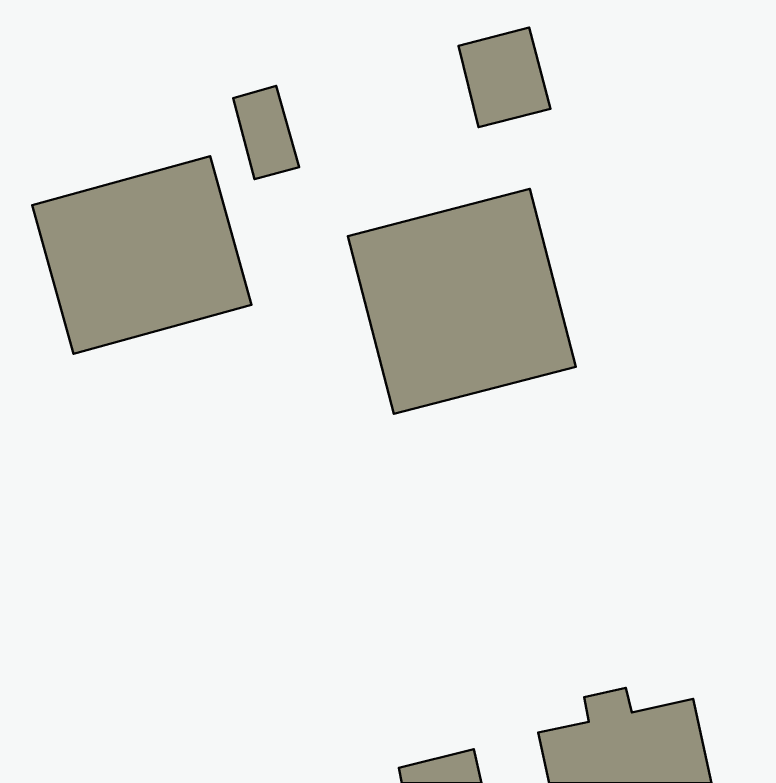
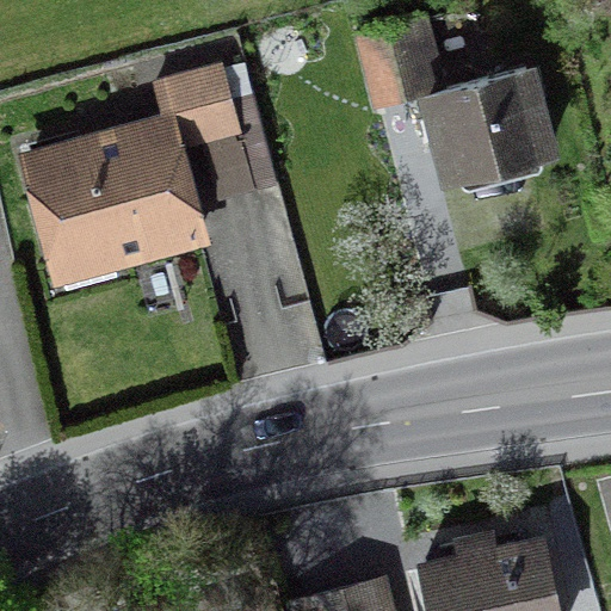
building: none -> [431,69,550,180]
building: [348,189,576,414] -> none

